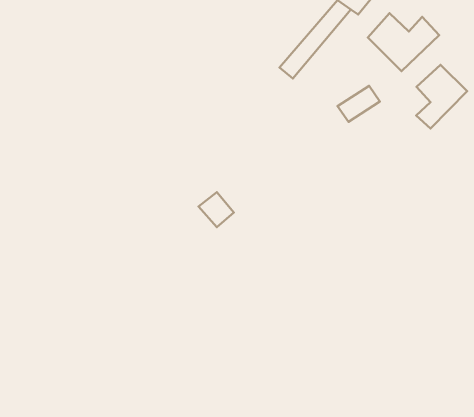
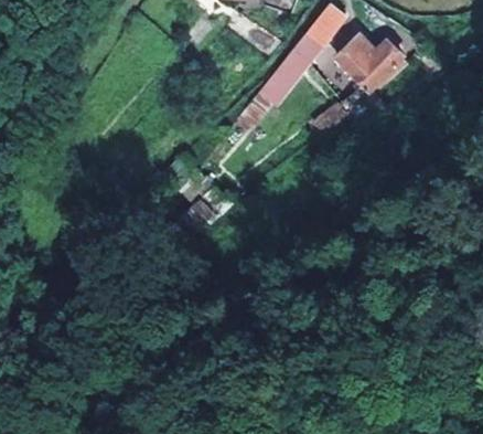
building: [416,65,467,129] -> none

